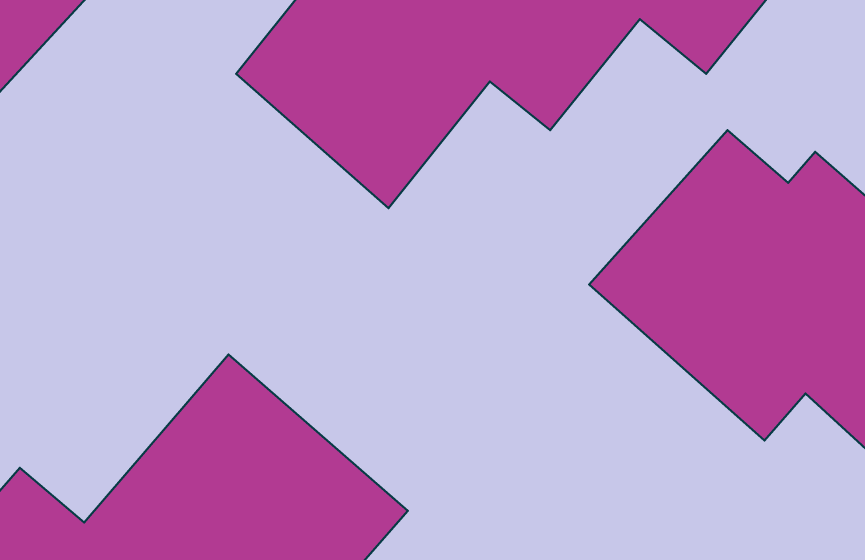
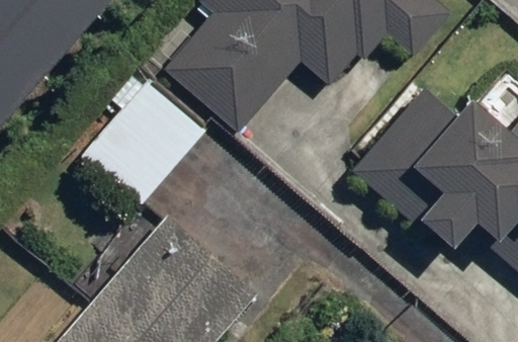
building: none -> [85,79,210,205]

